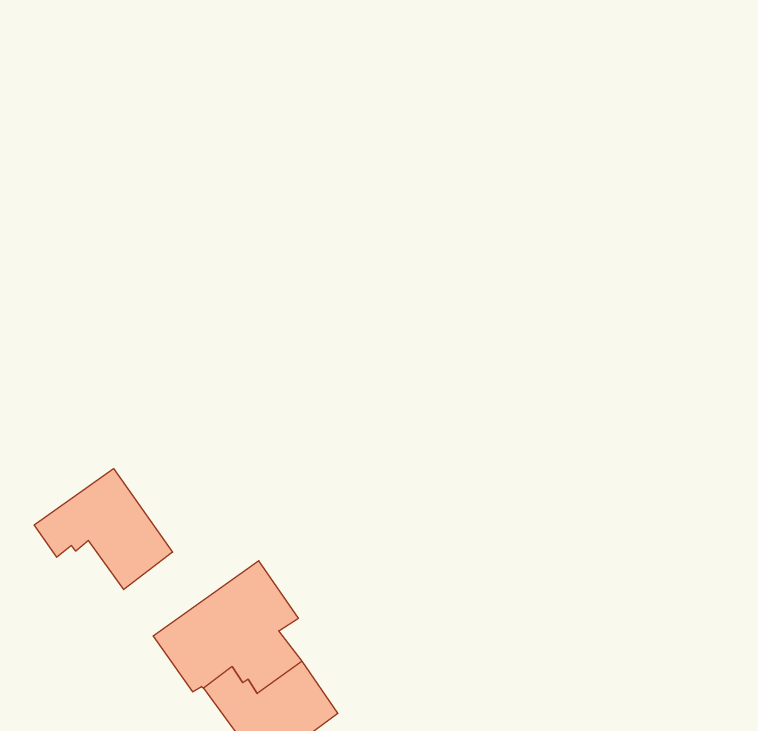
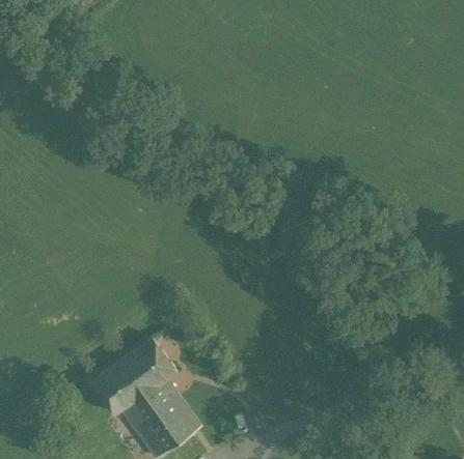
building: [34,469,173,590] -> none

